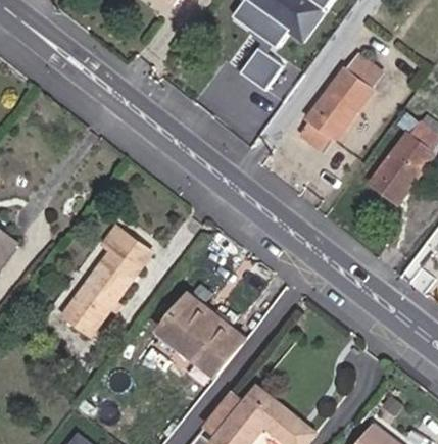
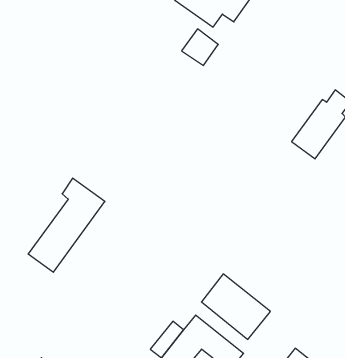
building: [299,54,381,151] -> none
building: [160,298,241,375] -> [201,274,270,339]

